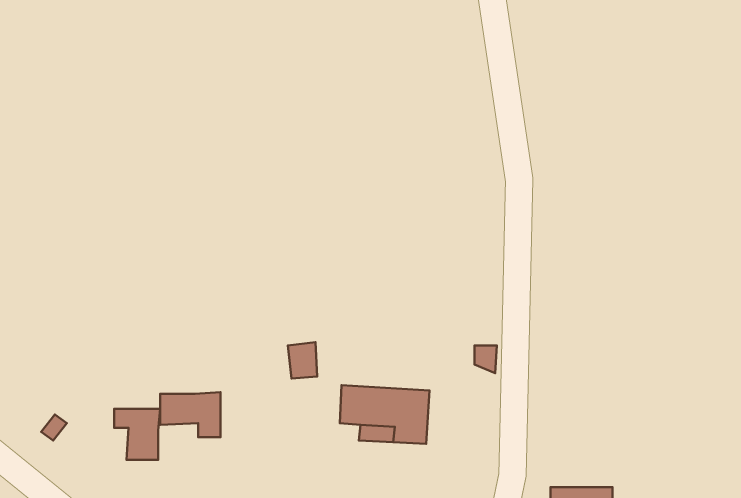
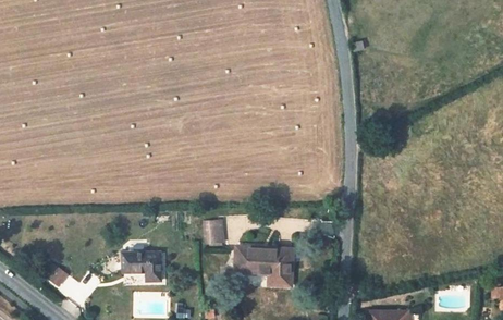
building: [114,409,160,460] -> none

